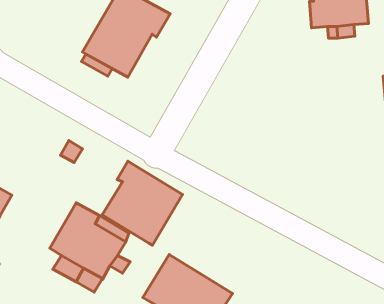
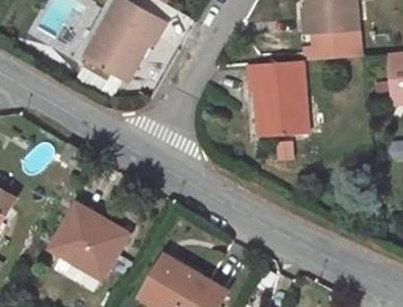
building: none -> [248,60,308,137]
building: [102,161,182,245] -> none

